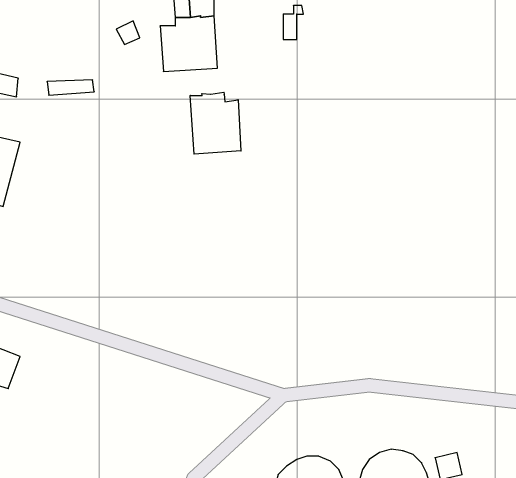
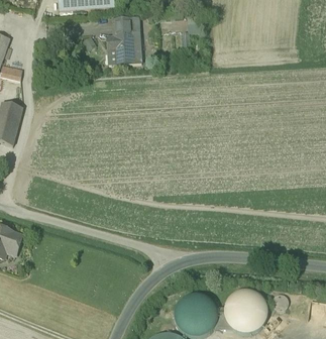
building: [190,92,241,154] -> none

